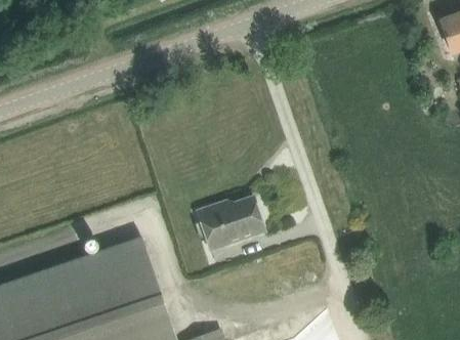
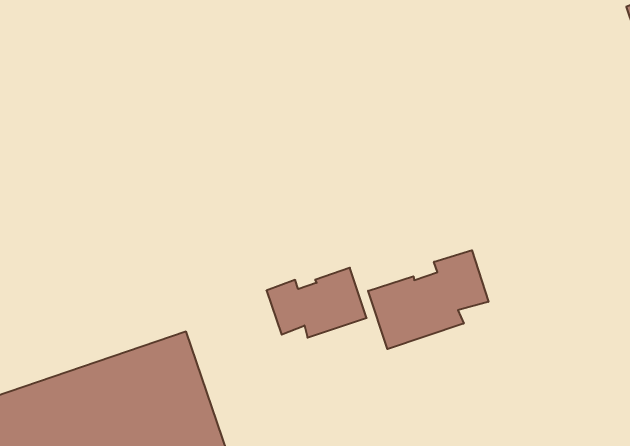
building: none -> [368,250,488,349]

